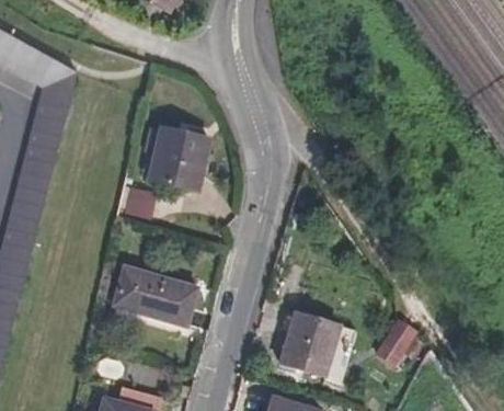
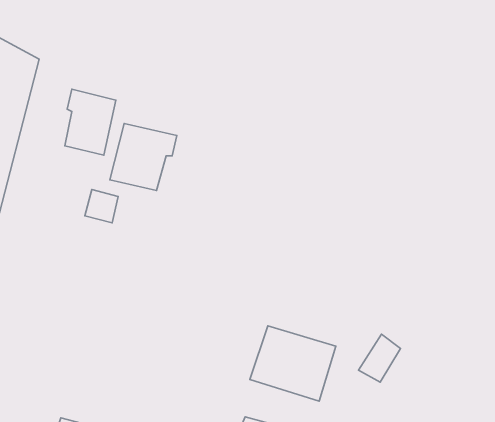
building: none -> [65,89,116,155]
building: [110,263,198,329] -> none

